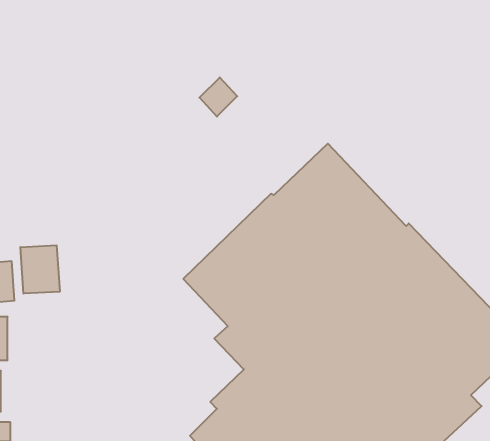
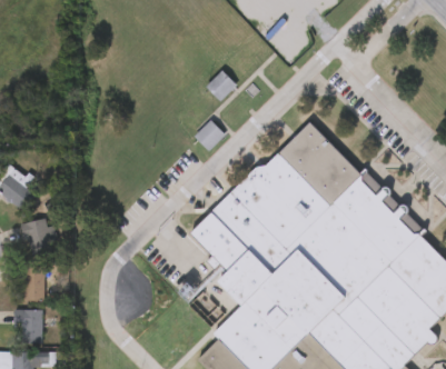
building: none -> [195,117,226,148]
building: [20,245,60,294] -> none

